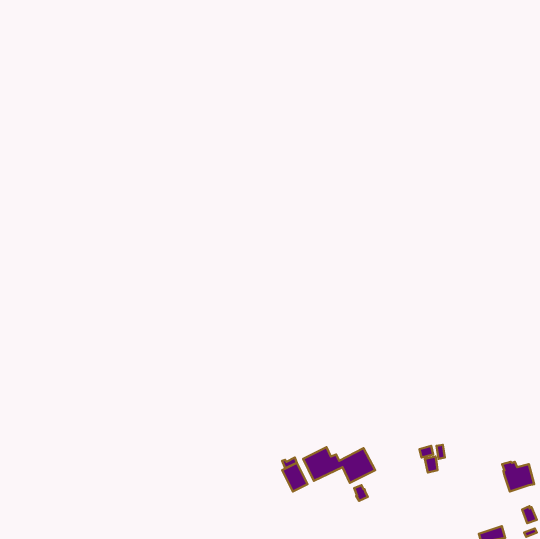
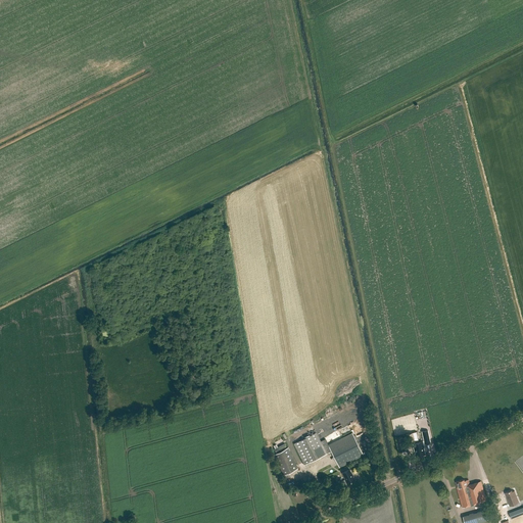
building: [502,462,534,492] -> [456,480,486,509]

